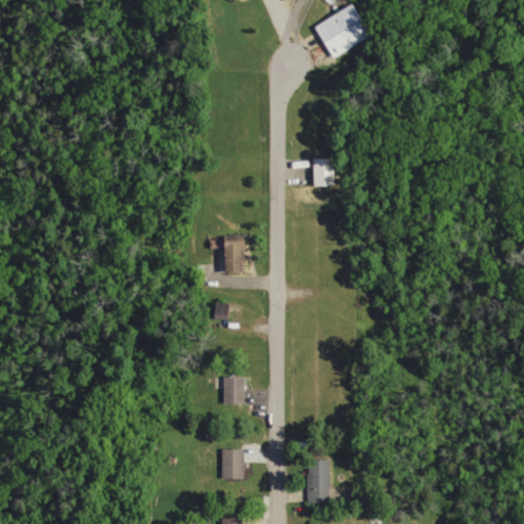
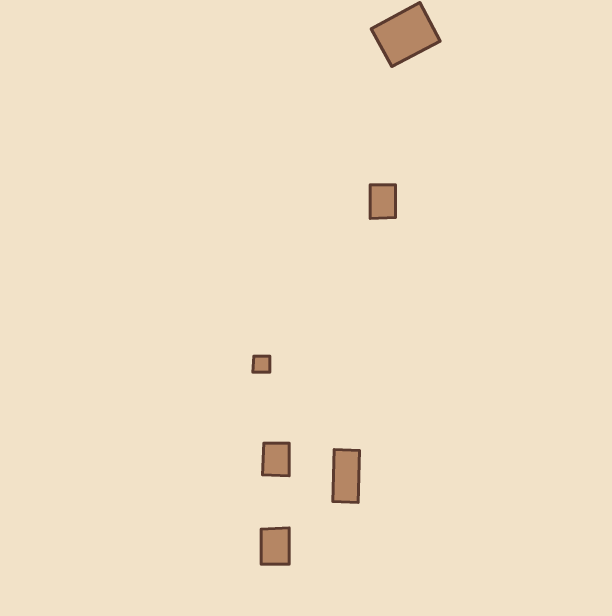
building: [224,235,245,272] -> none
building: [306,458,329,504] -> [333,449,360,503]

